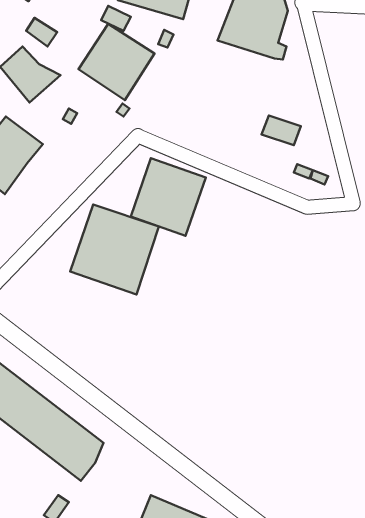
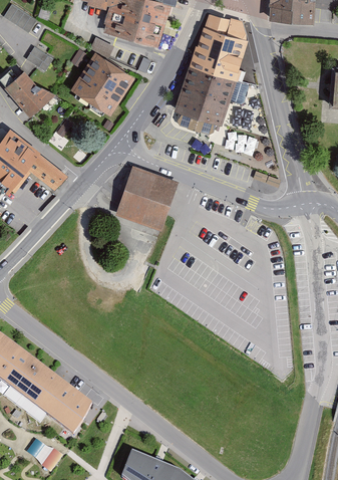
building: none -> [173,65,236,134]
building: none -> [27,153,67,189]
building: [70,204,159,294] -> none

